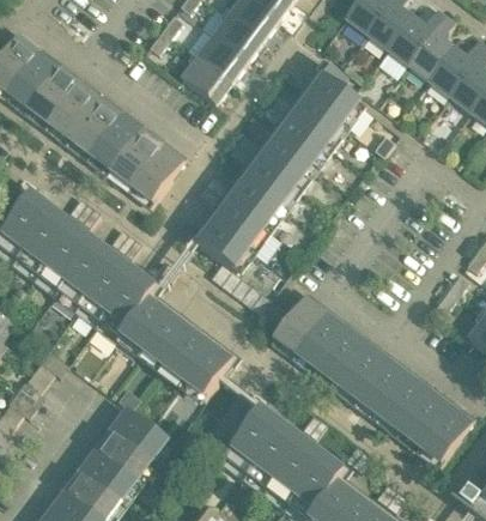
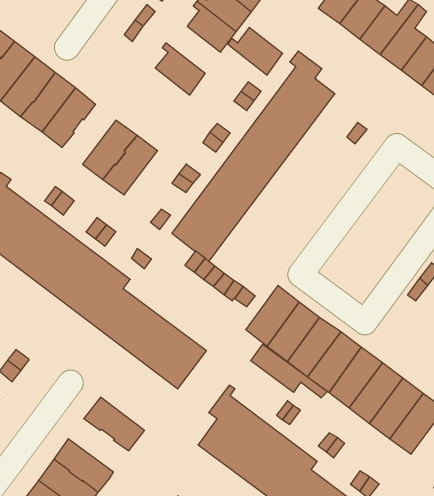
building: [193,32,248,80] -> [228,27,283,75]
building: [89,111,142,171] -> none
building: none -> [251,344,327,398]
building: [95,428,156,481] -> none

